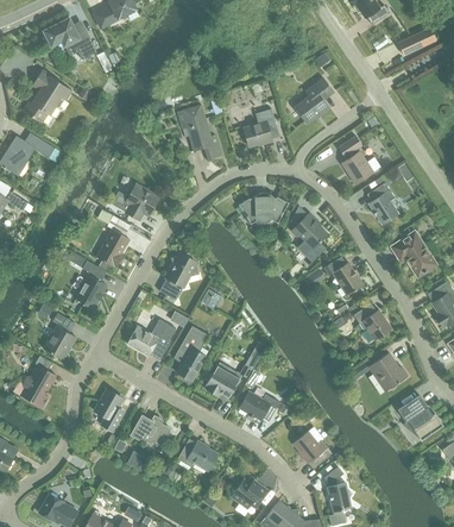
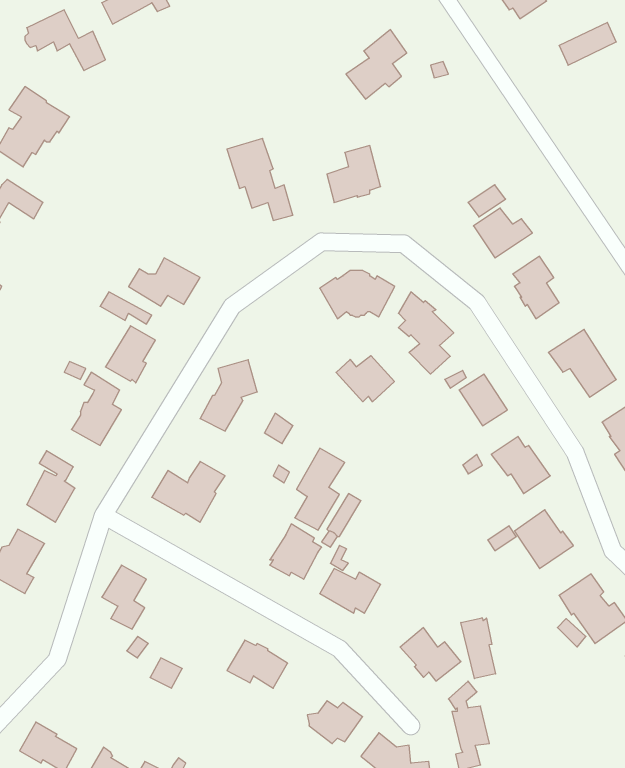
building: [292,76,333,123] -> [346,30,407,99]
building: none -> [336,356,394,402]
building: [175,325,208,379] -> [295,448,345,530]
building: [130,414,169,444] -> none
building: none -> [461,618,496,679]

